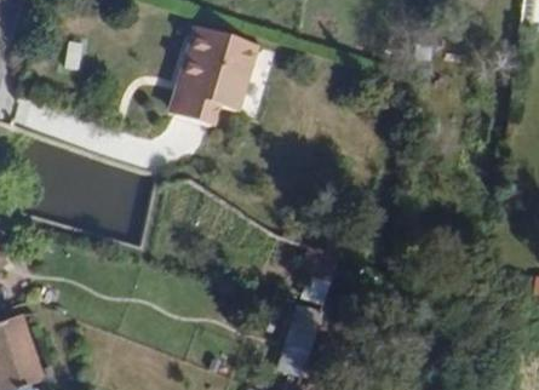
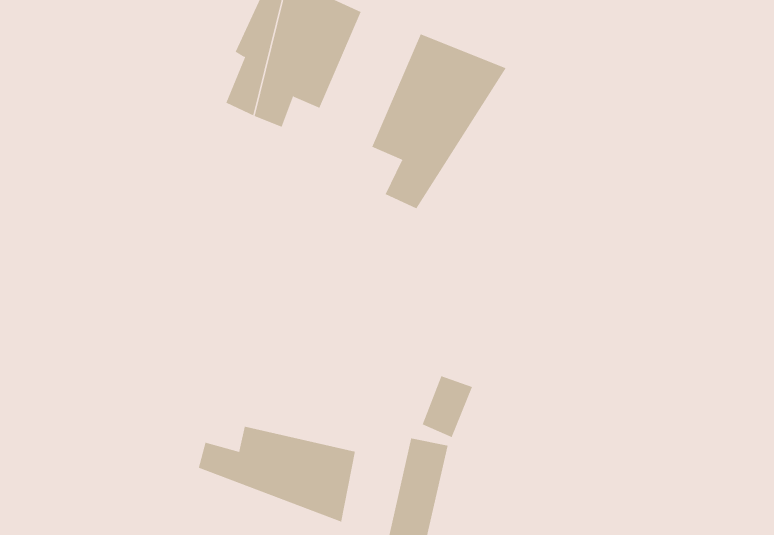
building: none -> [372,33,506,209]
building: none -> [198,426,355,522]

